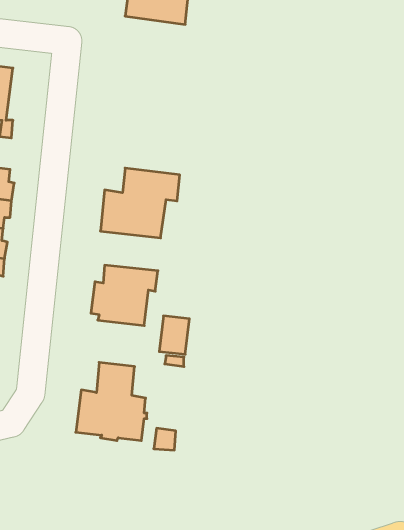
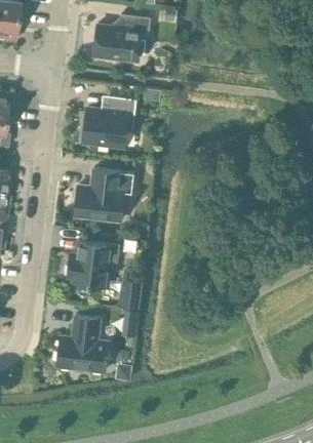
building: none -> [84,96,138,147]

